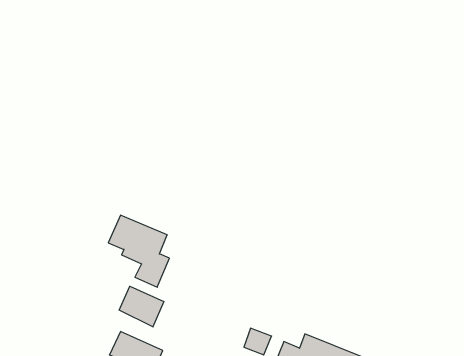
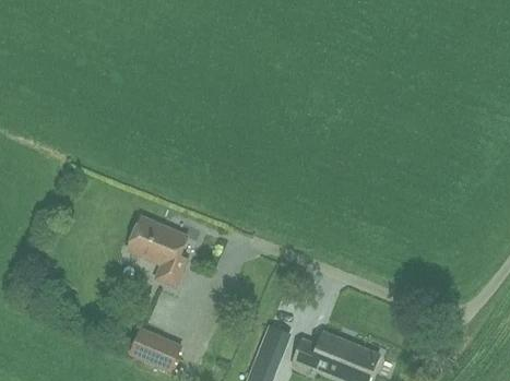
building: [119,286,164,327] -> none

